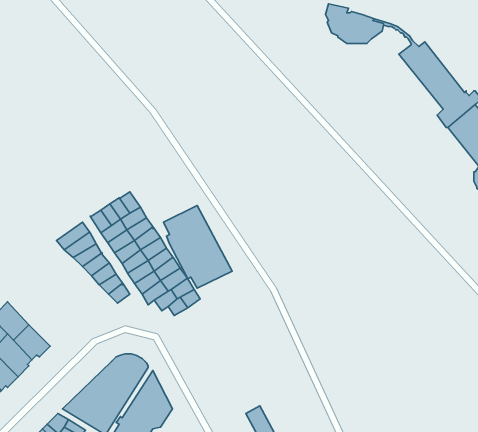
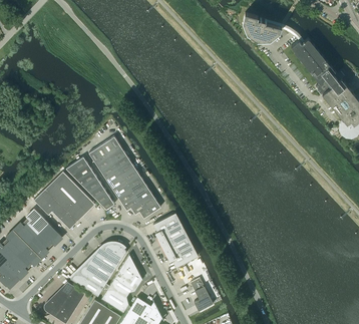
building: [163,205,232,288] -> [153,213,199,267]
building: none -> [34,171,95,229]

